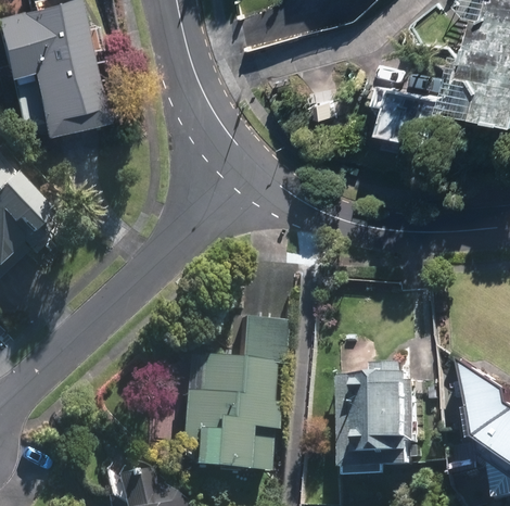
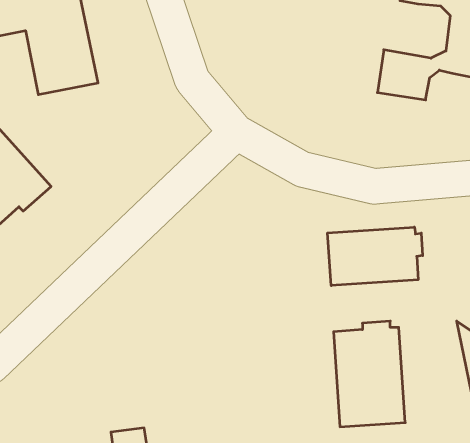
building: none -> [328,227,423,286]
building: [181,320,282,471] -> none

